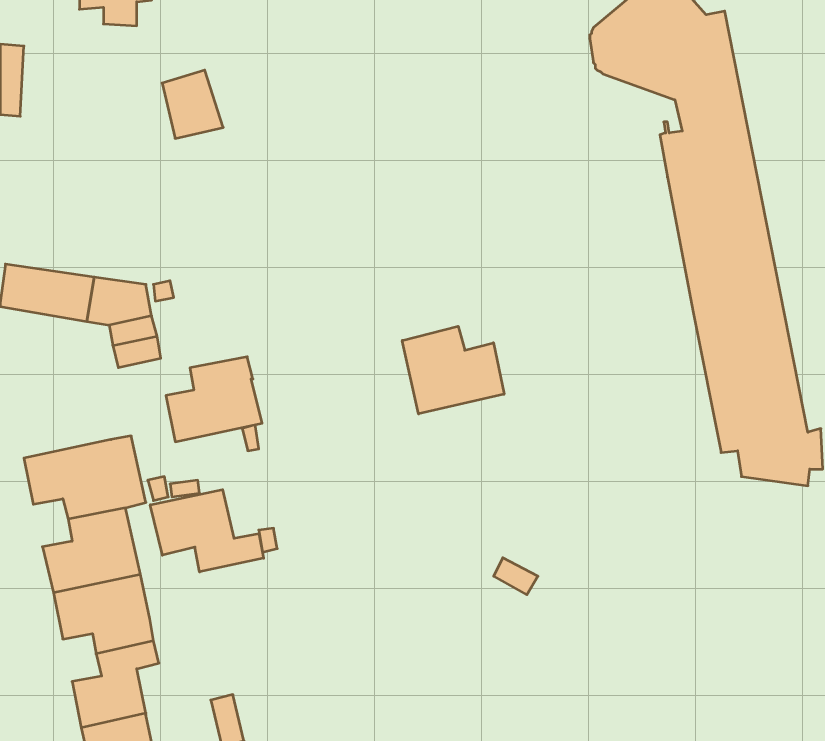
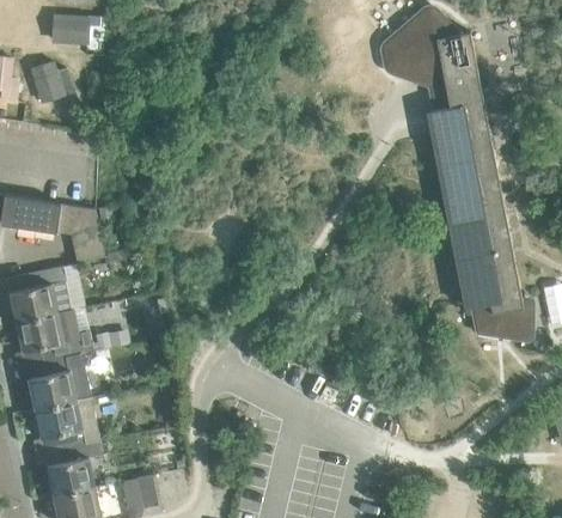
building: [162,70,223,138] -> [31,59,71,103]
building: [402,326,504,414] -> none
building: [166,357,262,442] -> [10,268,72,323]
building: [150,490,264,572] -> none

